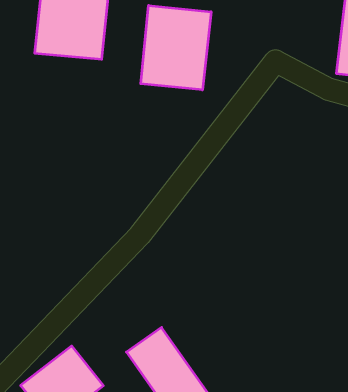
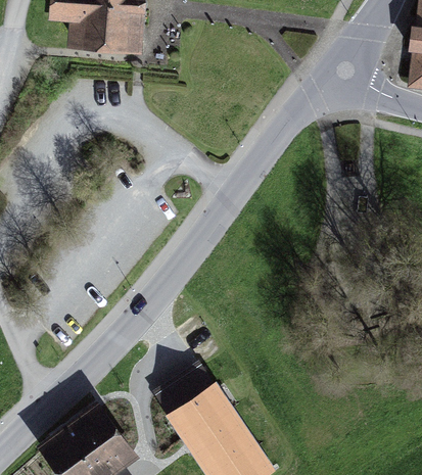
building: [141,5,211,90] -> none

